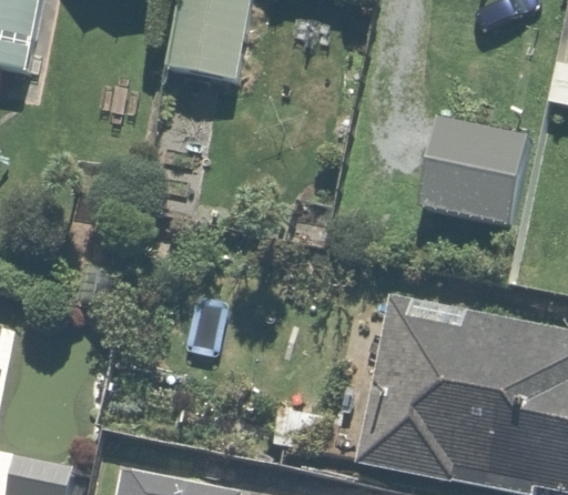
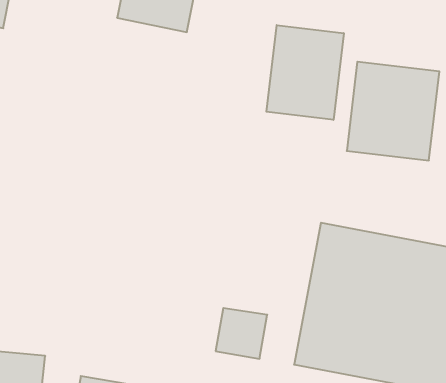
building: none -> [266,25,344,120]

